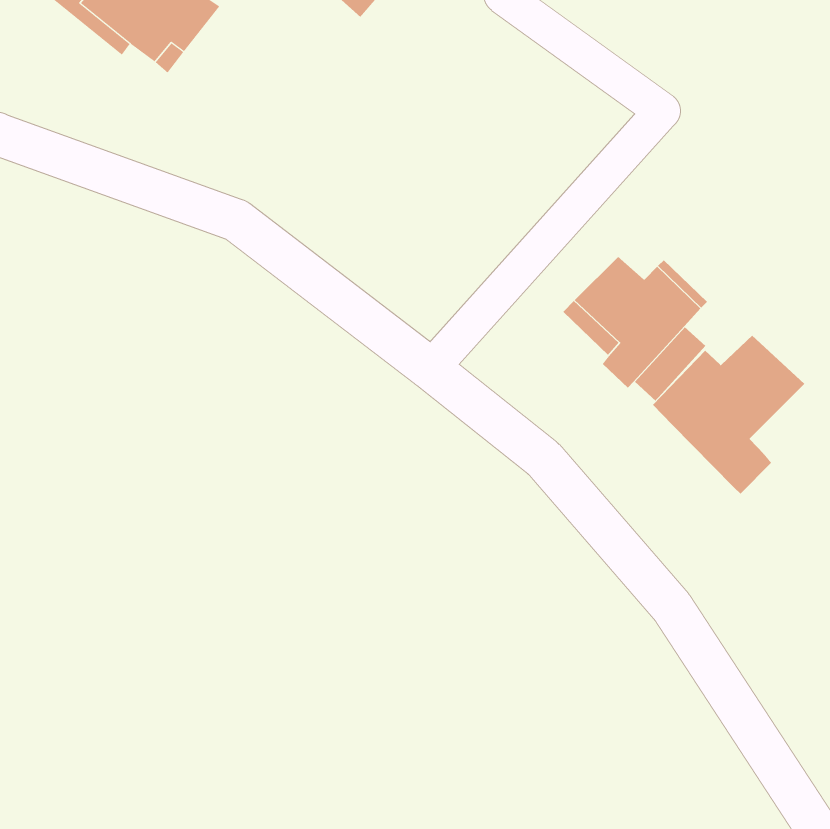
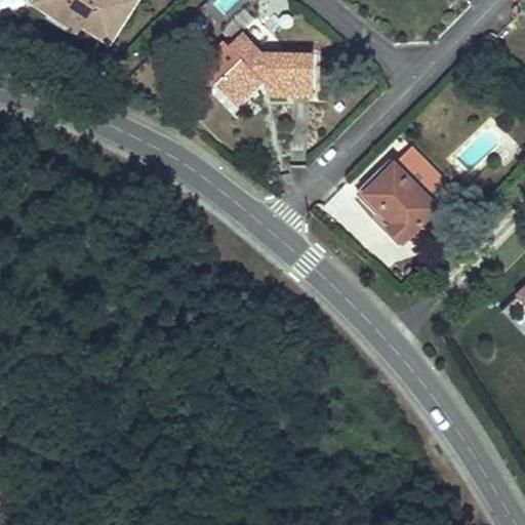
building: none -> [211,26,311,100]
building: [652,335,805,495] -> none

